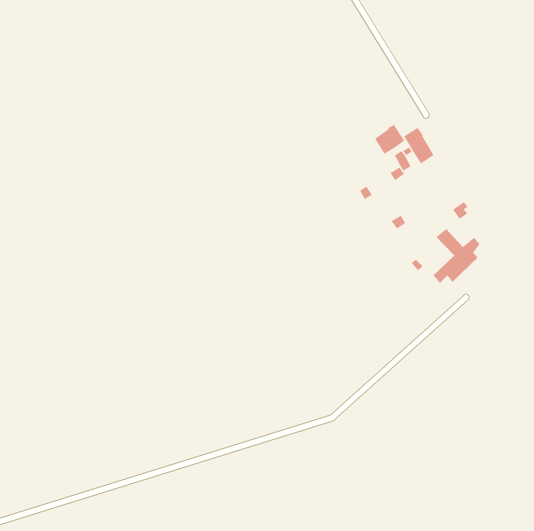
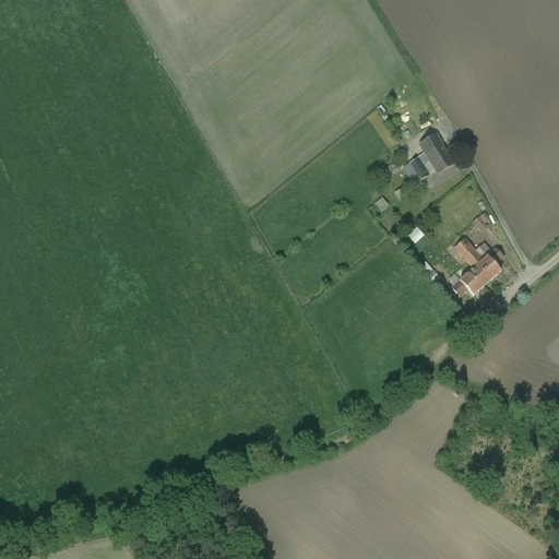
building: [374,124,405,155] -> none

